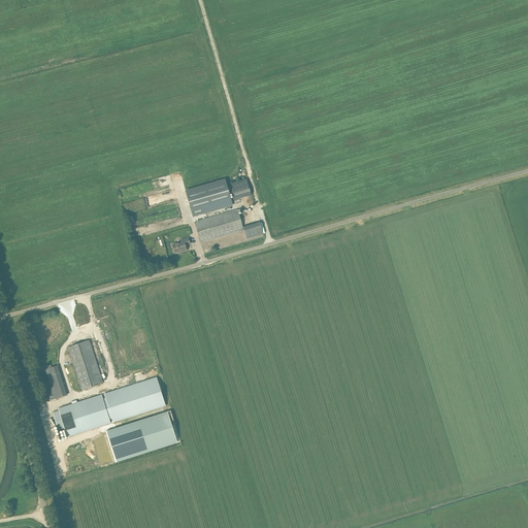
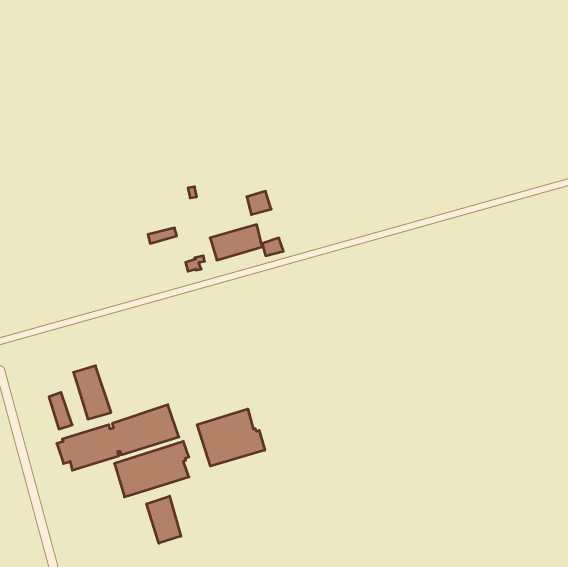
building: [186,178,232,216] -> none
building: none -> [197,409,265,466]
building: none -> [147,496,181,543]

